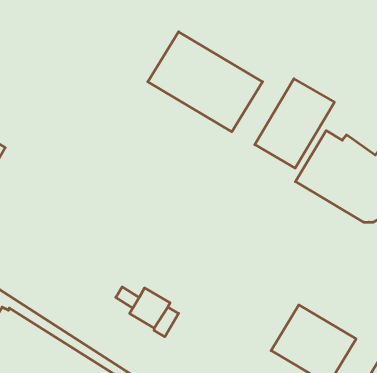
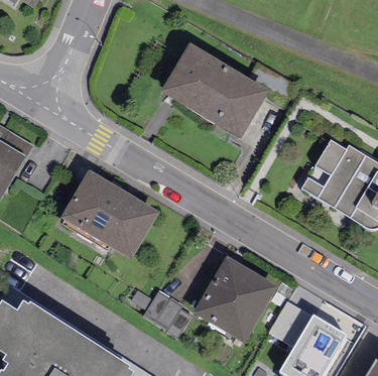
building: [255,79,334,168] -> none
building: none -> [59,168,158,258]
building: none -> [191,254,276,343]

